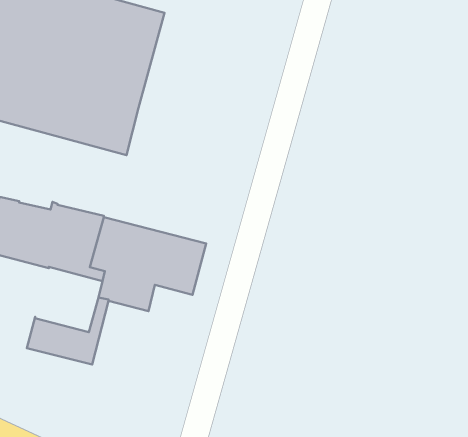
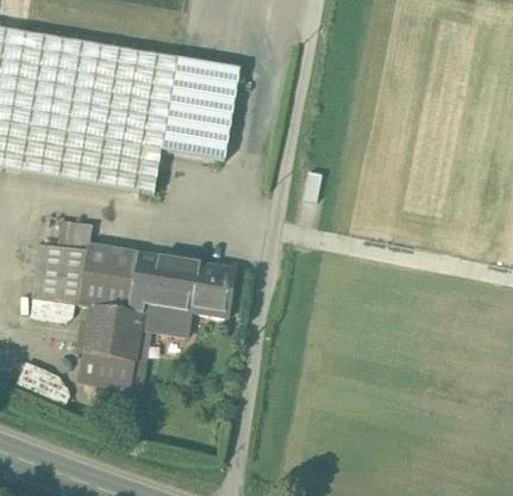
building: none -> [159,57,238,159]
building: none -> [57,219,90,250]
building: none -> [82,304,142,361]

